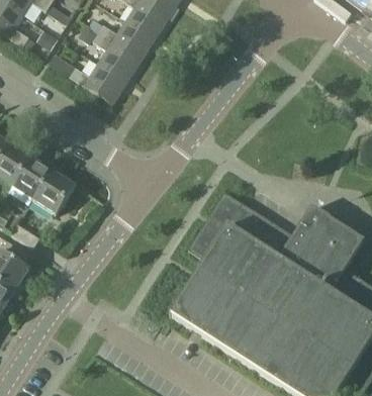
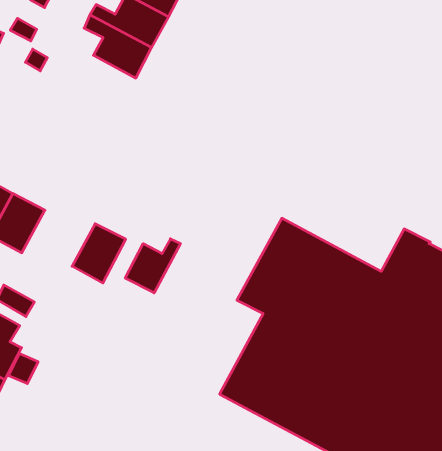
building: [69,62,126,104] -> none
building: [33,171,74,214] -> [72,224,126,283]
building: none -> [125,239,180,293]

